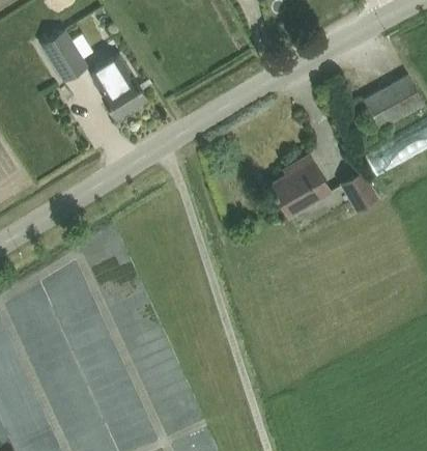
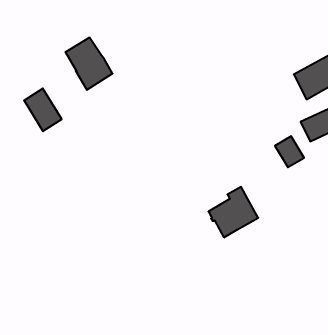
building: [40,30,86,82] -> [24,88,62,131]
building: [269,154,330,216] -> [208,187,258,237]

